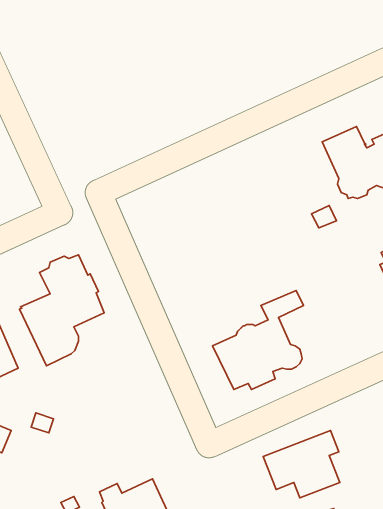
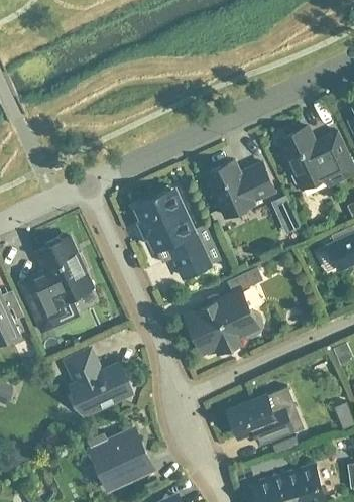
building: none -> [206,161,276,218]
building: none -> [136,190,211,278]
building: none -> [67,350,131,414]

